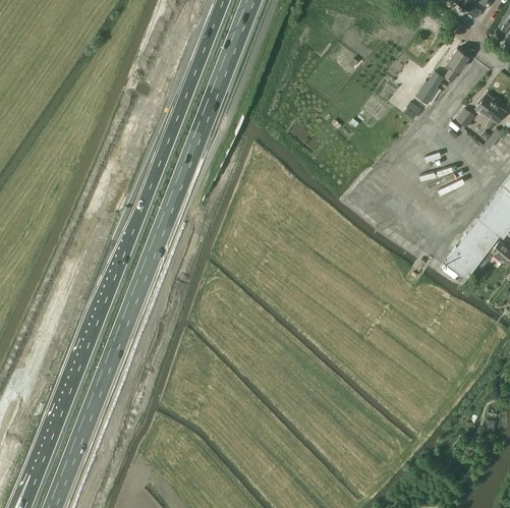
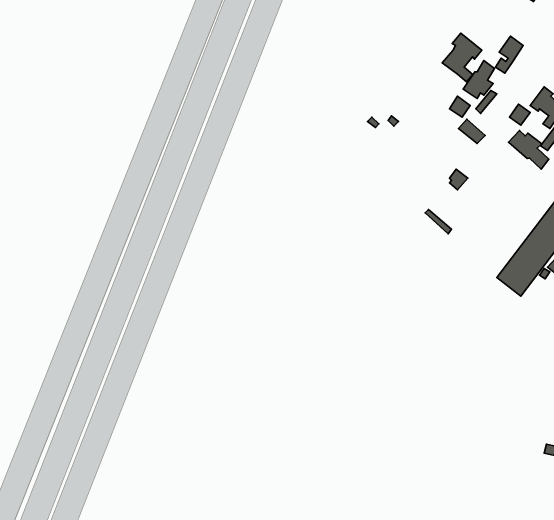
building: none -> [442,33,482,82]
building: none -> [509,131,549,169]

